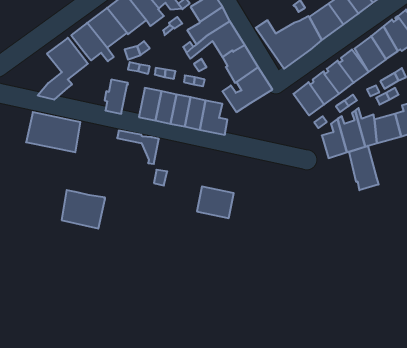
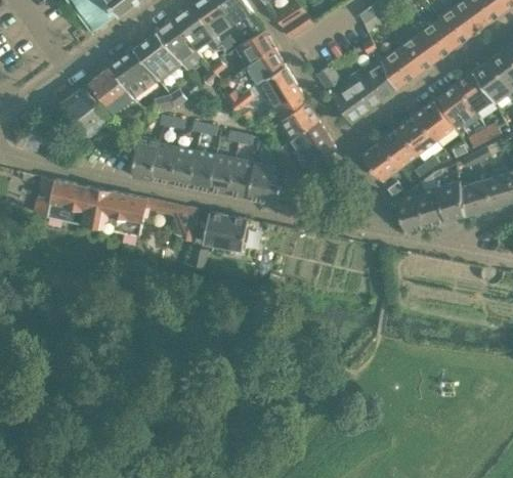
building: none -> [152,142,180,182]
building: [349,146,379,190] -> none
building: [197,186,234,218] -> [204,211,249,250]
building: [62,190,105,229] -> [95,188,148,235]

